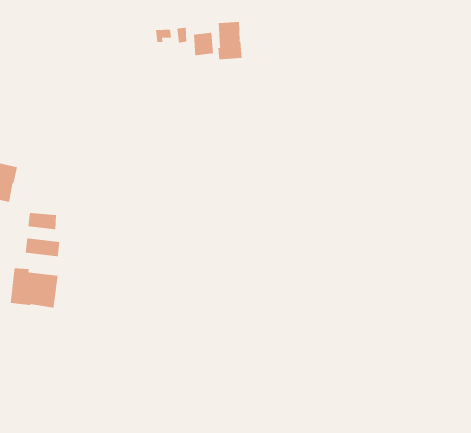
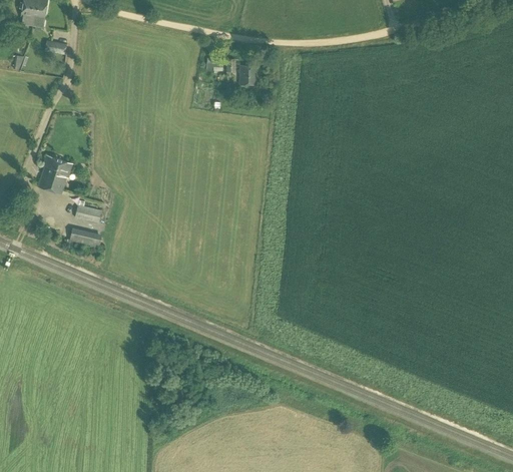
building: [218,21,242,60] -> none
building: [10,267,58,308] -> none

